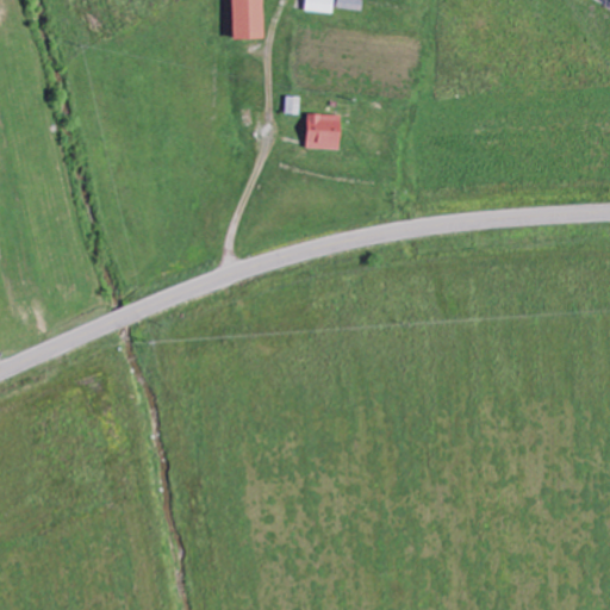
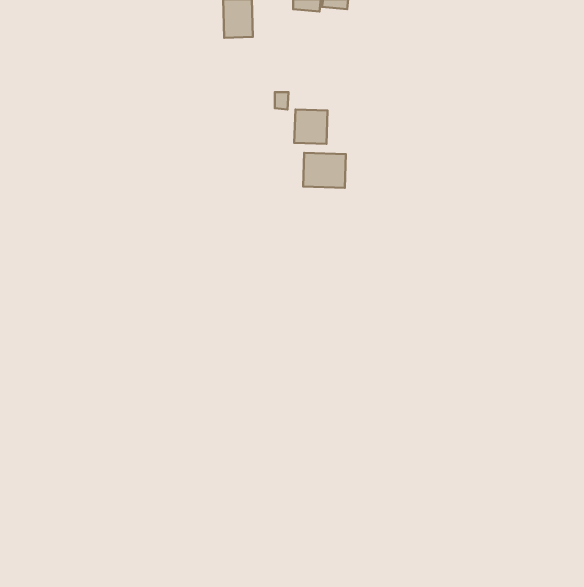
building: none -> [303,153,346,188]

